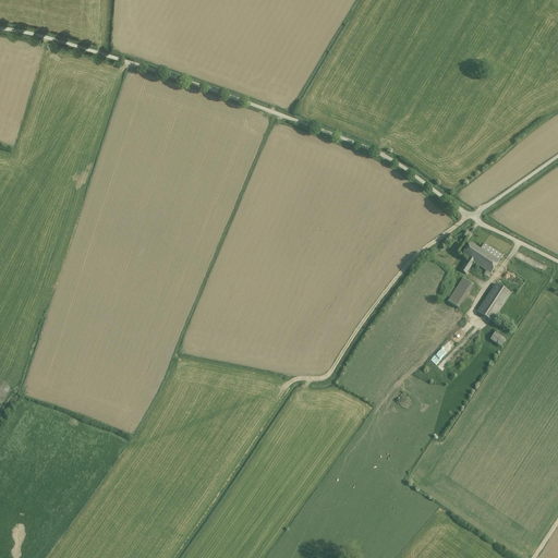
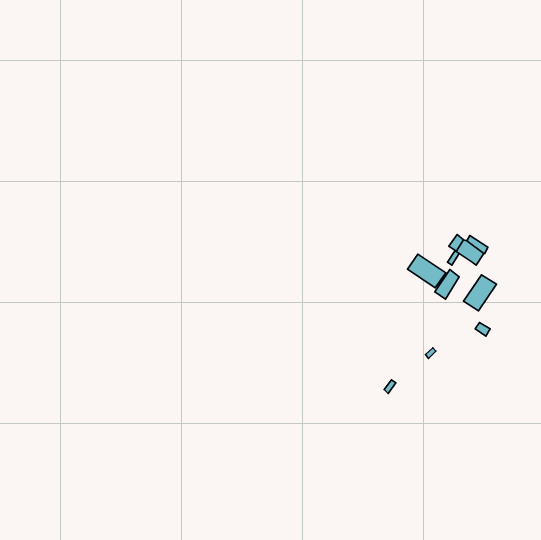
building: none -> [407,254,446,288]

